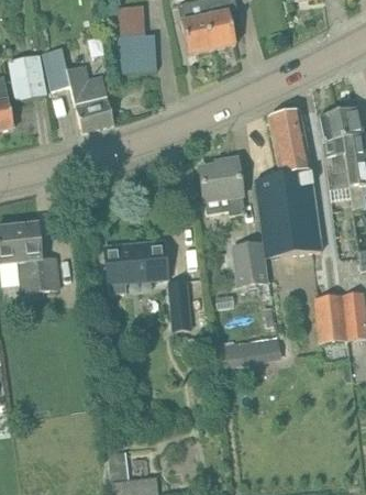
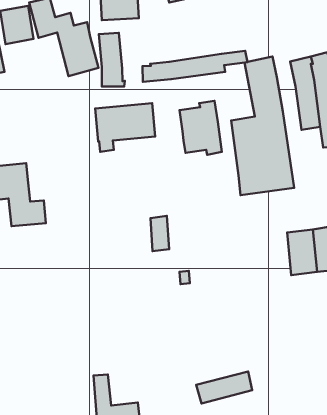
building: none -> [99,33,125,87]
building: none -> [142,51,248,82]
building: [234,238,268,284] -> none
building: [104,242,168,294] -> [95,103,155,152]
building: [217,334,276,368] -> [196,372,252,404]

